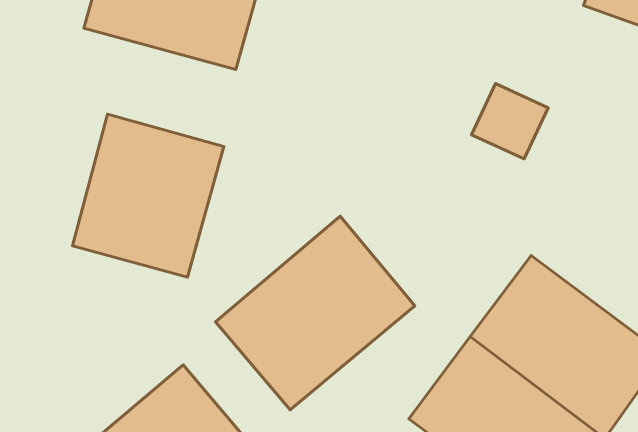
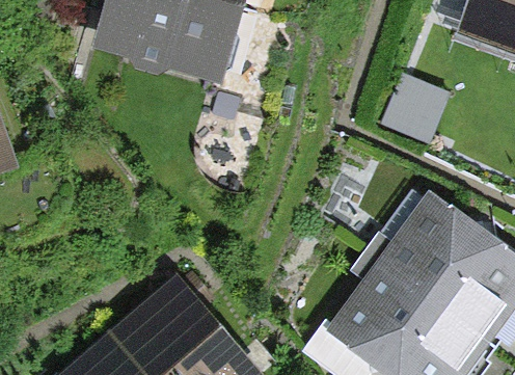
building: [72,114,224,277] -> none
building: [216,216,415,410] -> none

